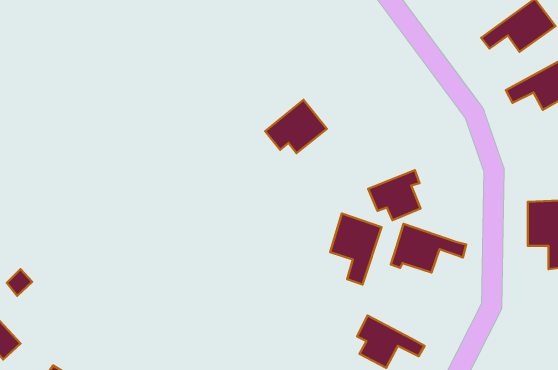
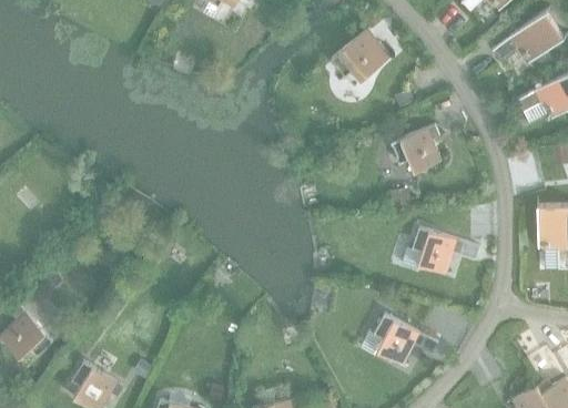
building: [265,100,327,153] -> [331,29,389,80]
building: [368,170,421,220] -> [390,124,440,172]
building: [330,214,381,284] -> none

